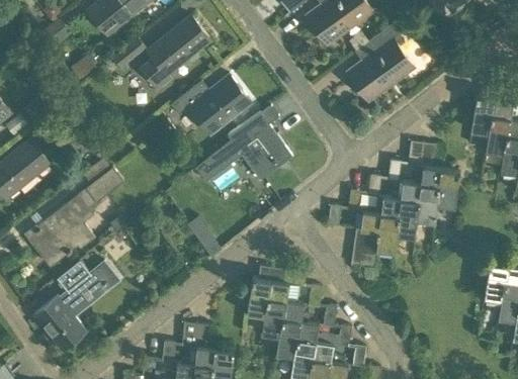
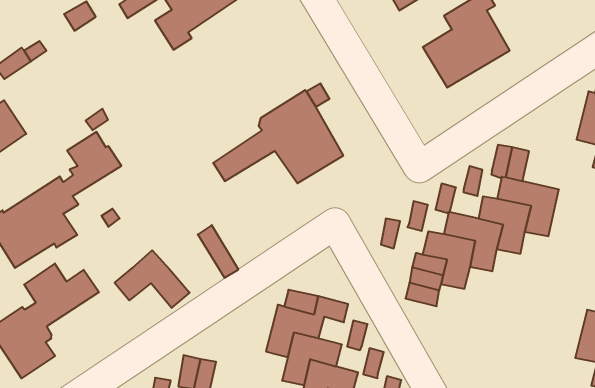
building: [170,75,251,135] -> none
building: none -> [115,250,190,308]

